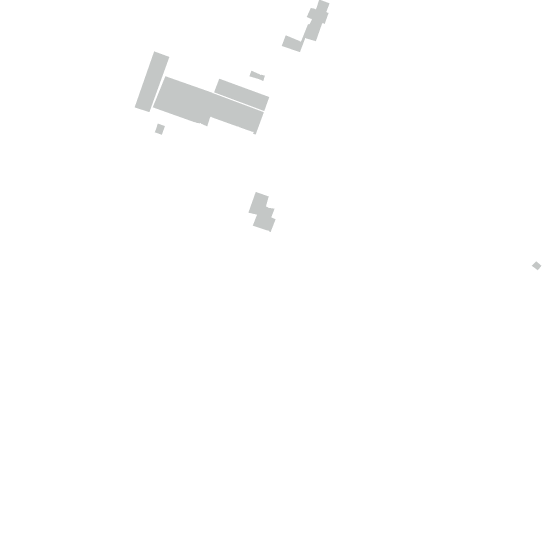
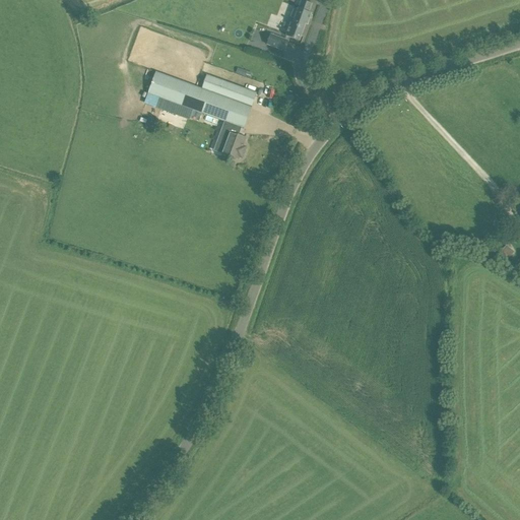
building: [134,50,170,115] -> none
building: [248,191,277,233] -> [217,120,245,159]

